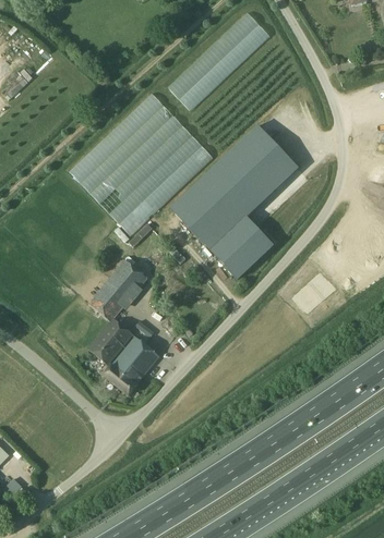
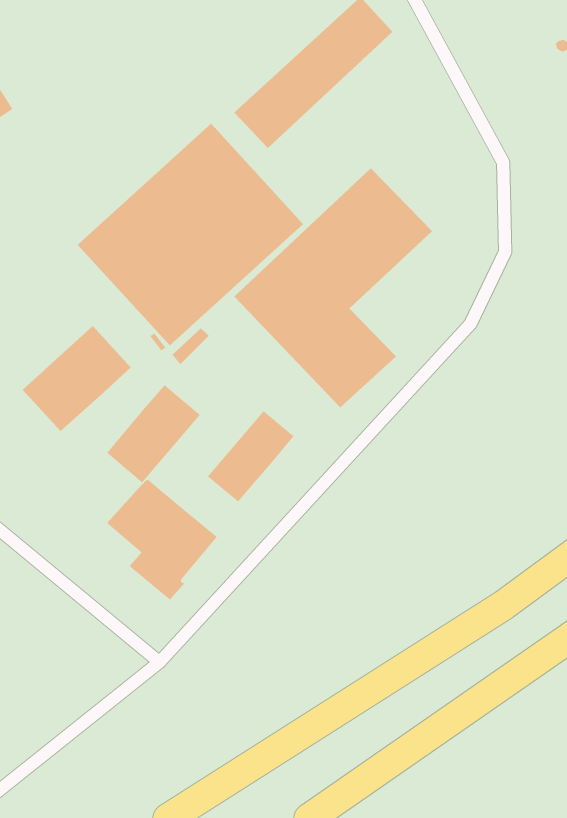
building: none -> [22,325,131,432]
building: none -> [207,410,295,503]

